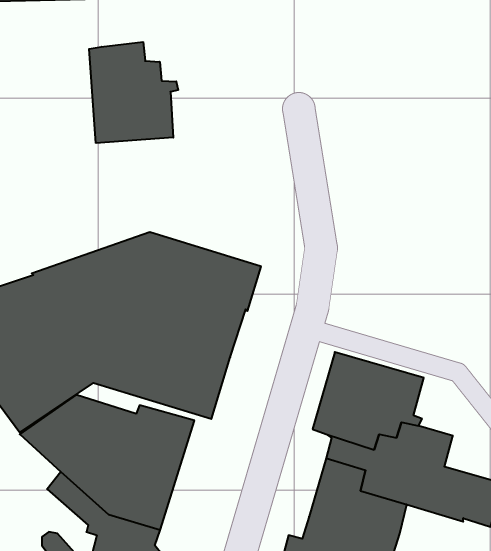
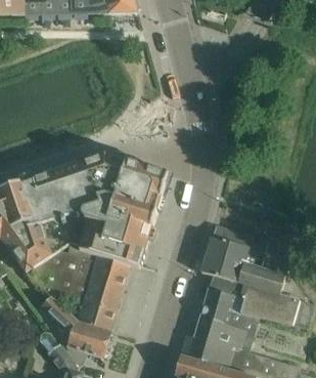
building: [89,42,178,143] -> none

